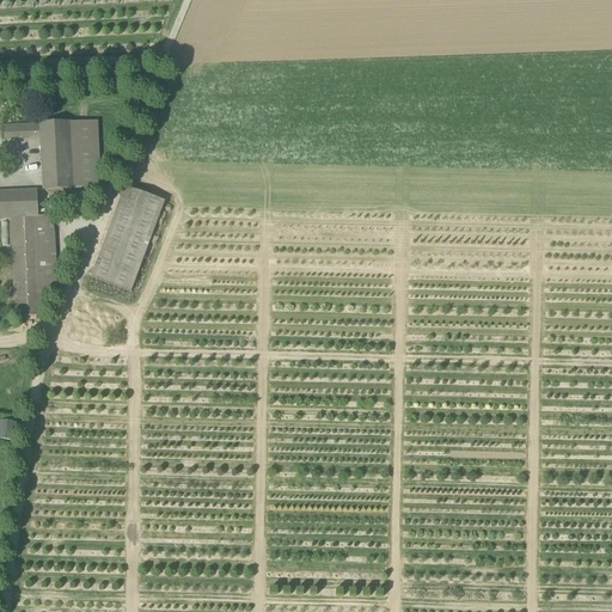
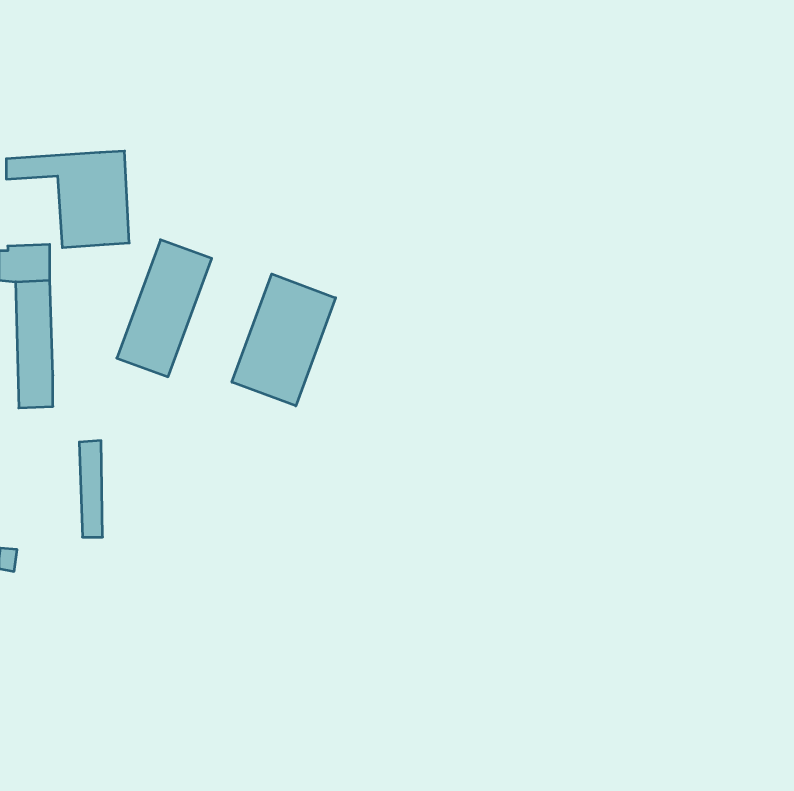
building: none -> [232,274,336,406]
building: [38,214,56,288] -> [79,441,103,537]

